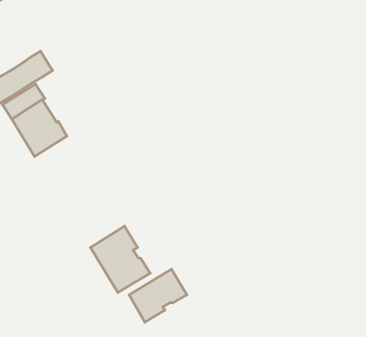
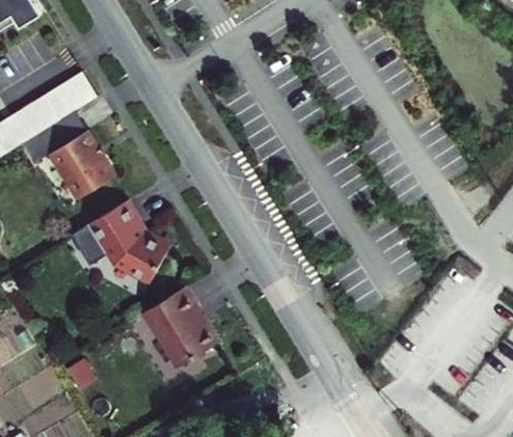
building: none -> [66,200,169,282]
building: [129,269,187,322] -> none

